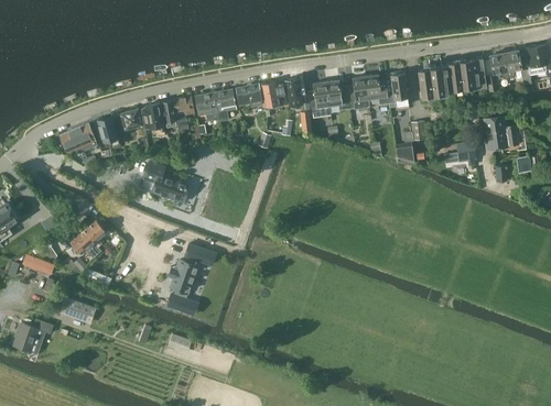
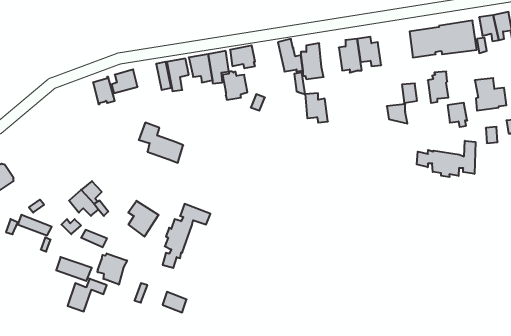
building: [386,70,407,102] -> [428,72,448,103]
building: [326,79,349,109] -> [305,93,328,123]
building: [261,80,287,109] -> [222,72,247,100]
building: [142,102,164,134] -> none
building: [60,123,96,154] -> none
building: none -> [417,141,475,177]
building: none -> [128,201,159,237]
building: none -> [98,253,127,285]
building: [13,318,53,351] -> [68,279,107,311]

